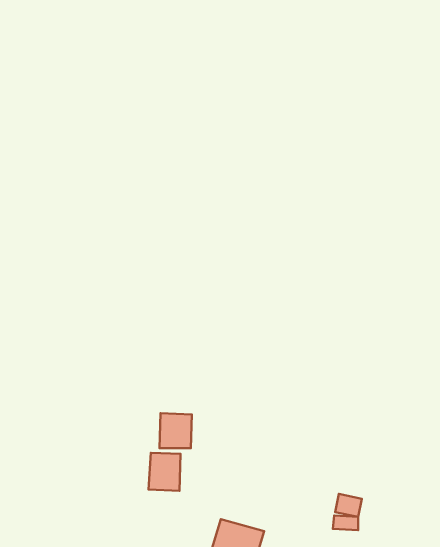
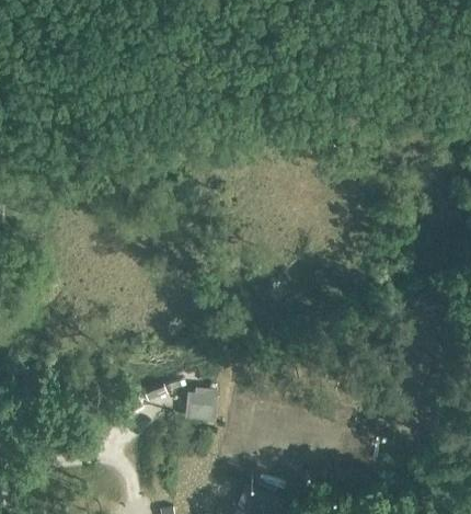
building: [149,453,181,491] -> none

